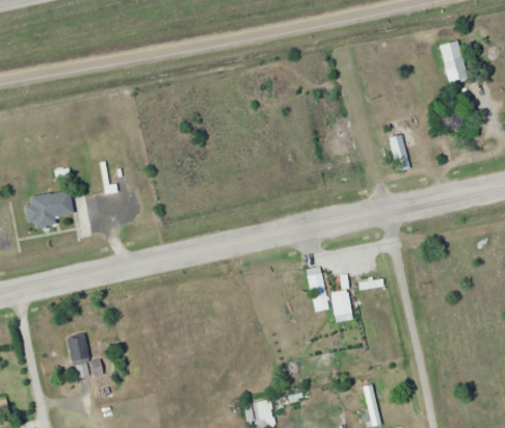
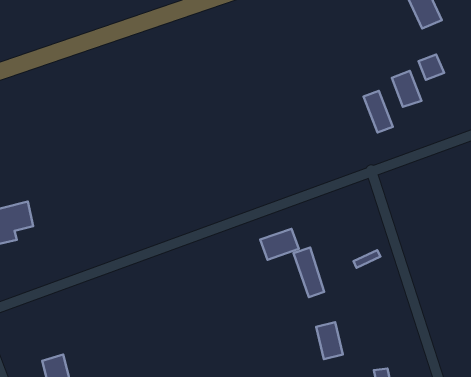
building: none -> [392,71,421,107]
building: none -> [260,229,299,260]
building: [331,290,352,322] -> [316,322,343,359]

